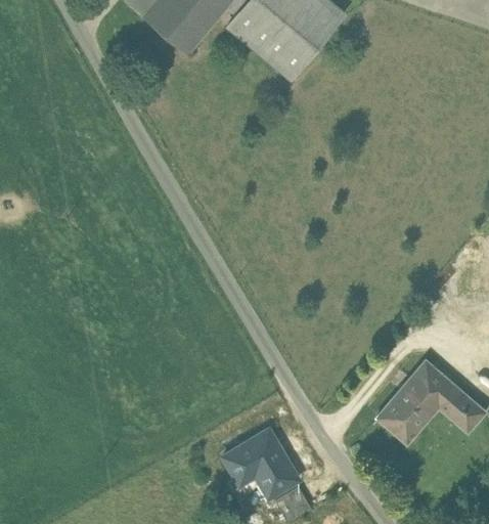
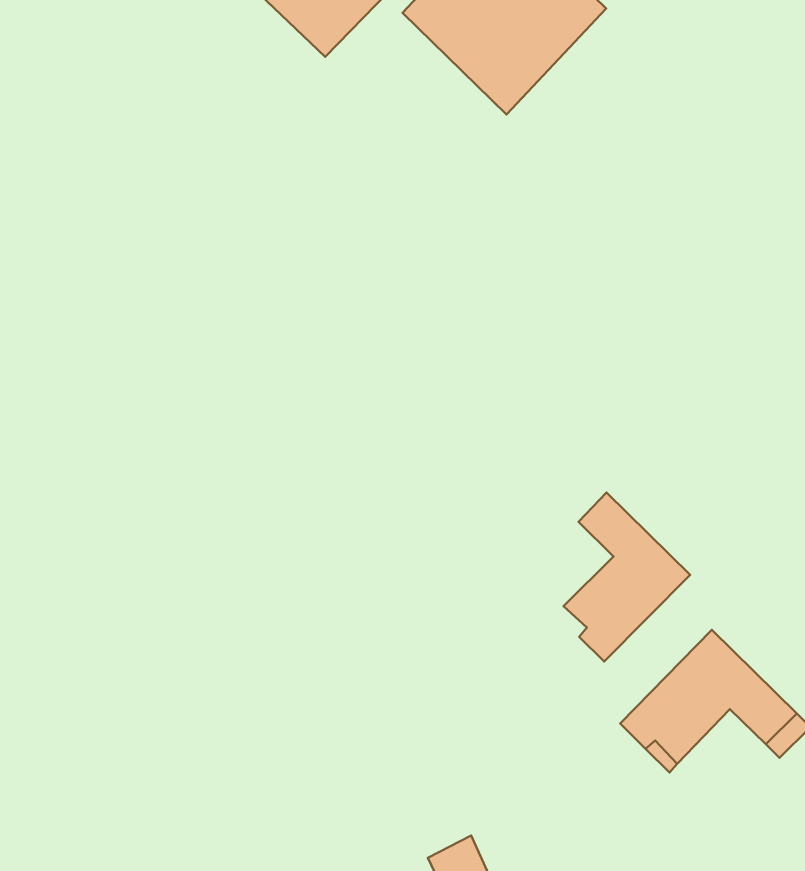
building: none -> [564,492,690,661]
building: [222,428,298,496] -> none

